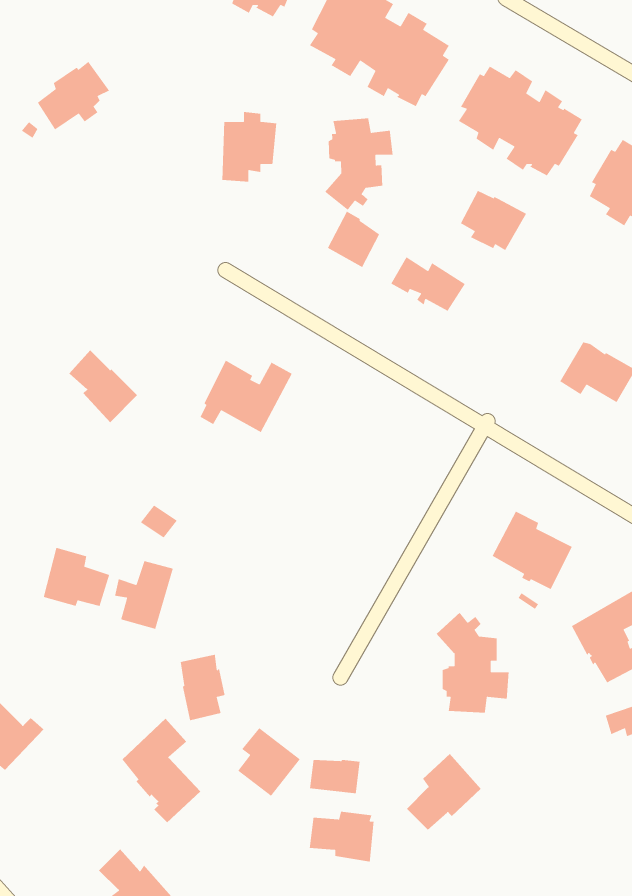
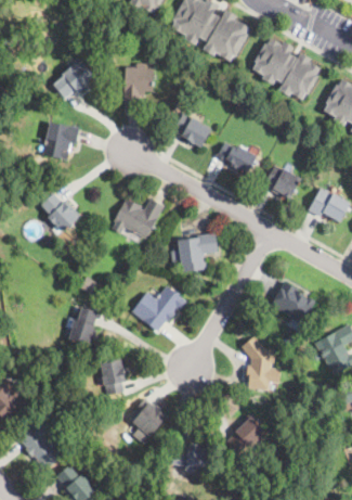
building: [37,61,110,130] -> [53,61,93,99]
building: [324,118,393,211] -> none
building: [460,190,527,251] -> [264,165,301,198]
building: none -> [42,121,79,159]
building: none -> [171,233,218,272]
building: none -> [132,285,185,331]
building: [43,547,110,607] -> none
building: [122,718,201,823] -> [17,414,61,472]
building: [309,759,361,794] -> none

